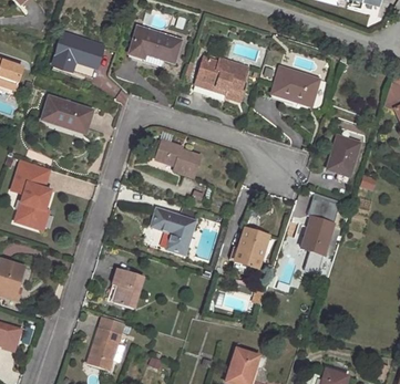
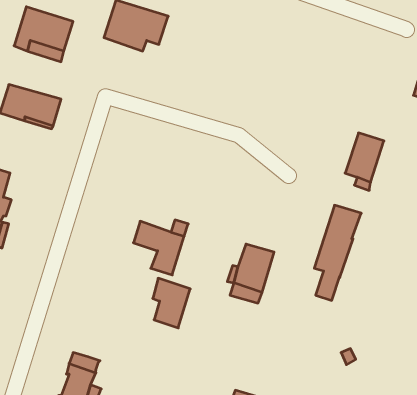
building: [195,56,247,101] -> none
building: [270,66,318,103] -> none
building: [155,139,199,176] -> none
building: [112,267,143,308] -> [153,278,190,328]

